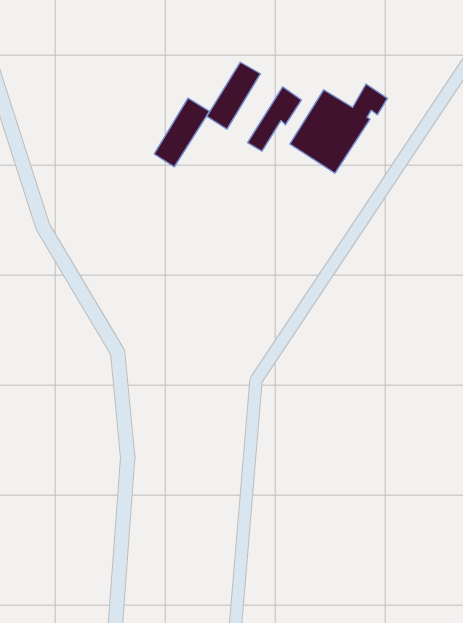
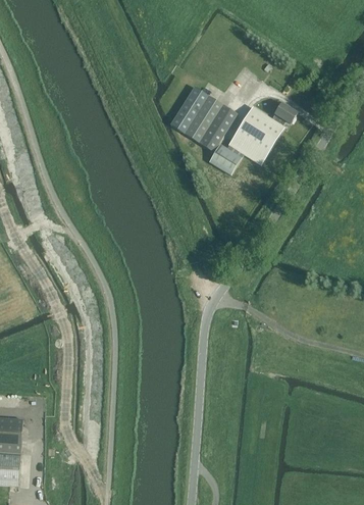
building: [154,98,210,167] -> [185,95,223,143]
building: none -> [209,143,242,174]

